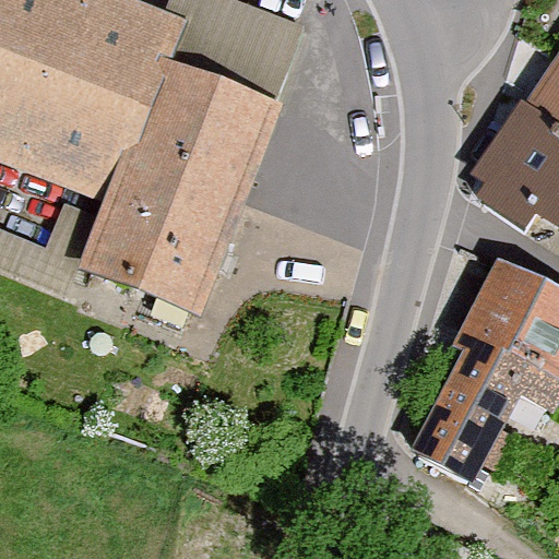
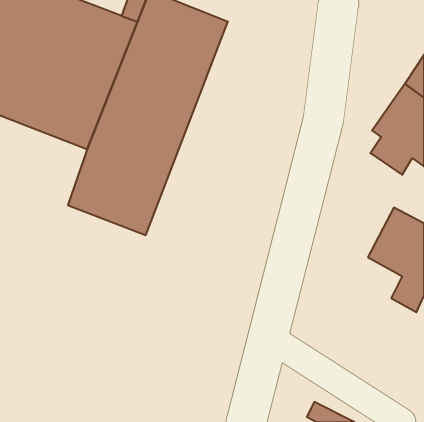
building: [417,335,524,477] -> none

